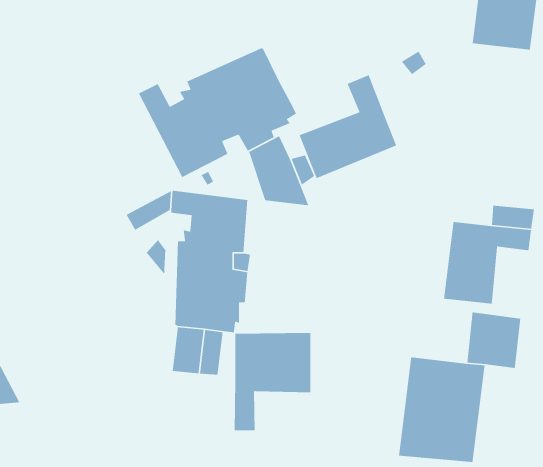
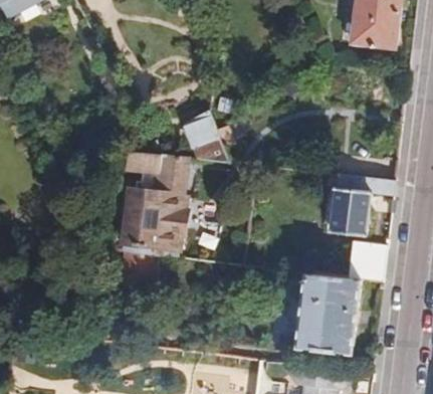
building: [138,47,297,178] -> none
building: [298,74,397,179] -> none
building: [234,332,311,431] -> none

